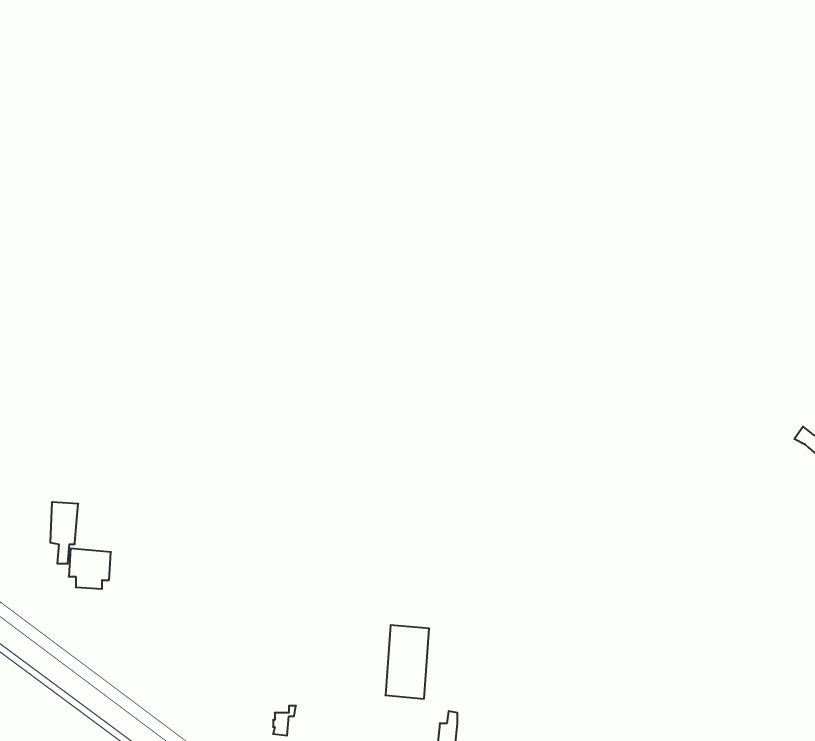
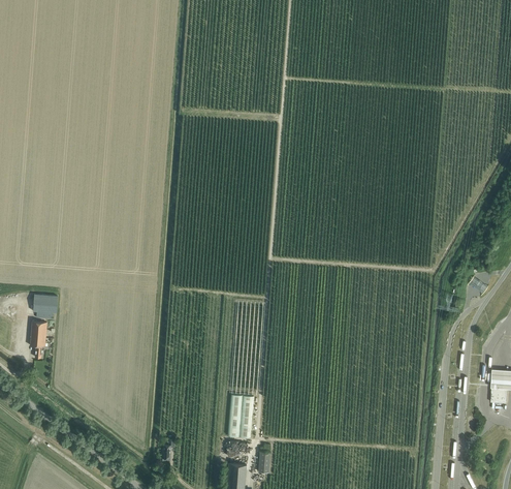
building: [69,549,111,589] -> [33,295,58,318]

